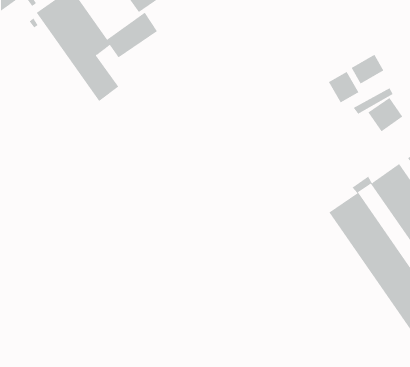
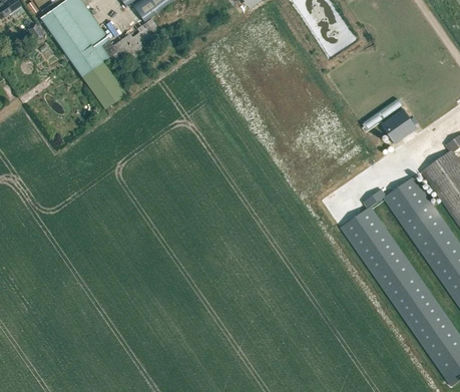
building: [351,54,384,84] -> none
building: [328,71,359,103] -> none

